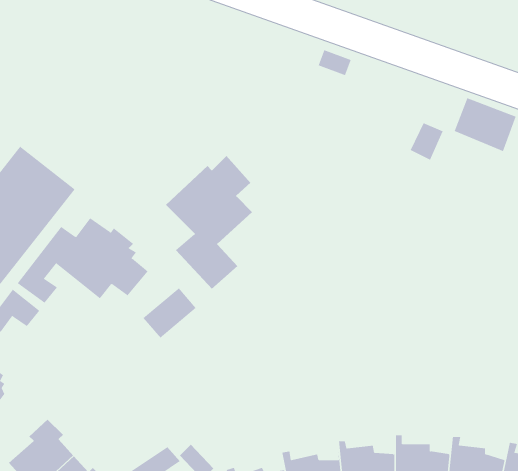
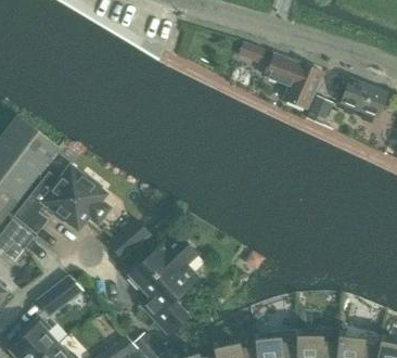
building: none -> [266,54,323,110]
building: [165,155,253,289] -> [133,234,198,334]
building: none -> [38,276,84,316]

